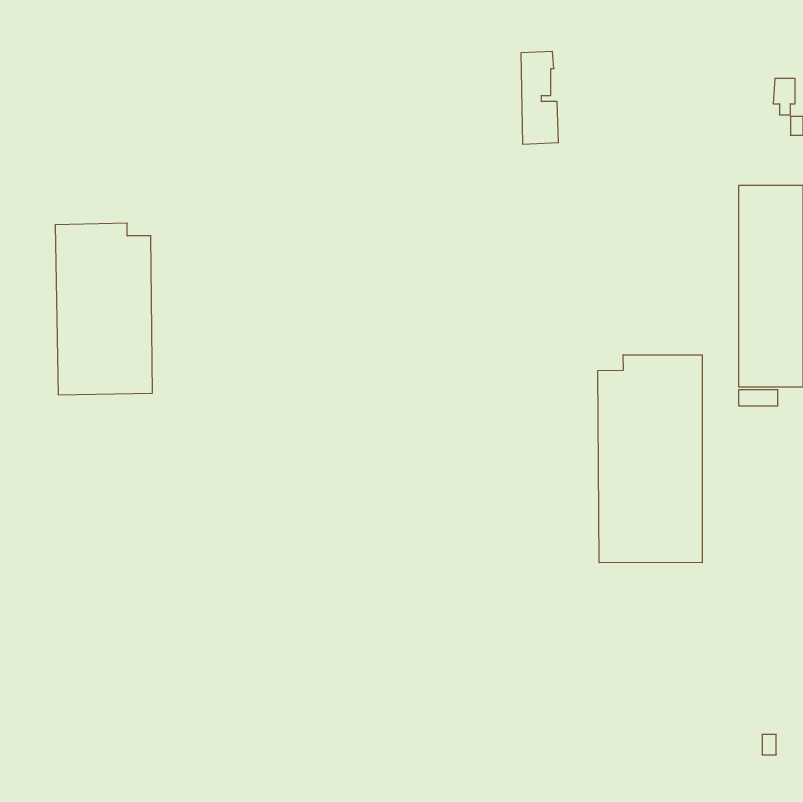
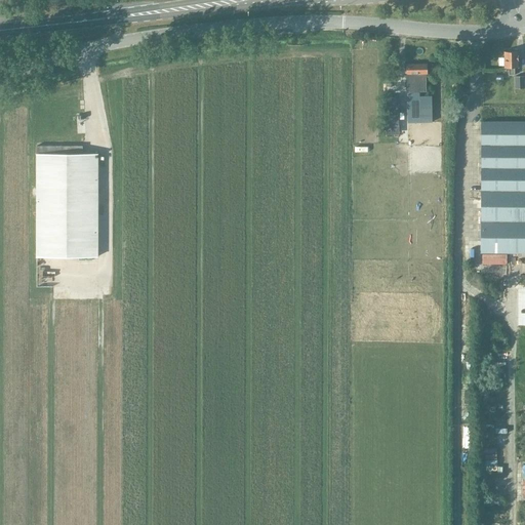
building: [521,51,559,144] -> [408,65,433,125]
building: [598,355,702,563] -> none

